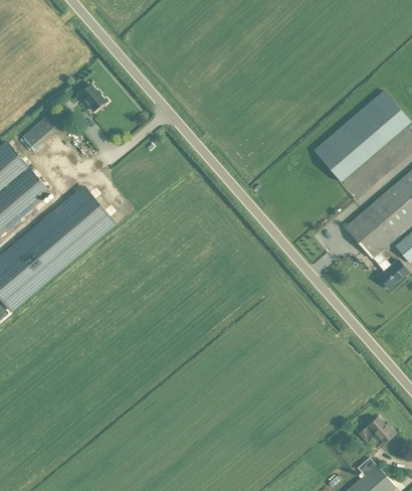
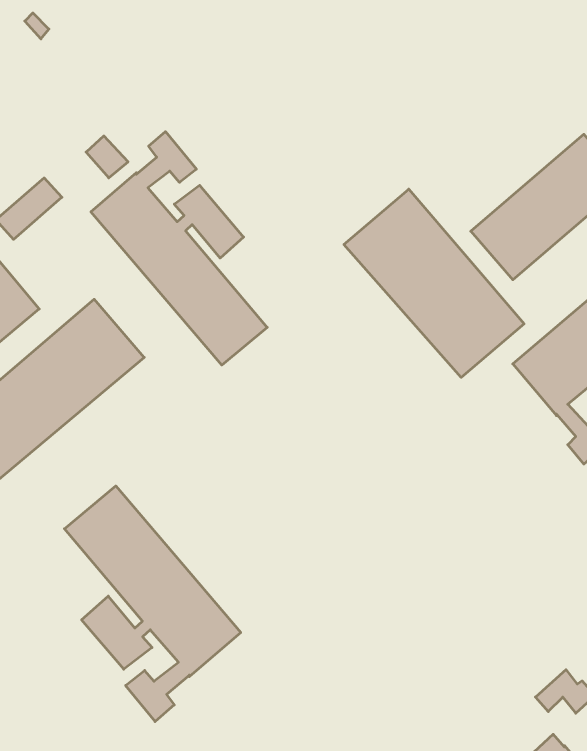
building: none -> [91,132,267,365]
building: none -> [344,189,524,377]
building: none -> [64,486,241,722]

